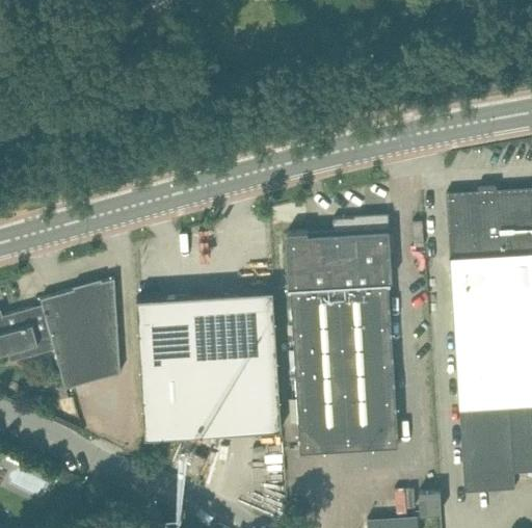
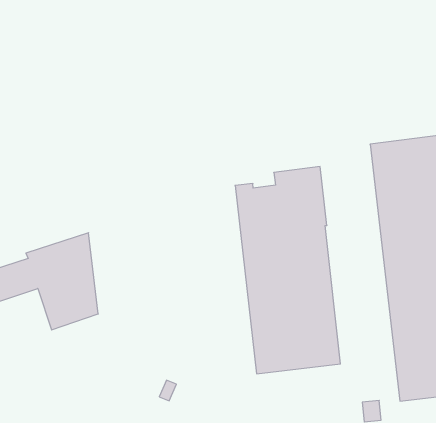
building: [136,292,282,440] -> none

